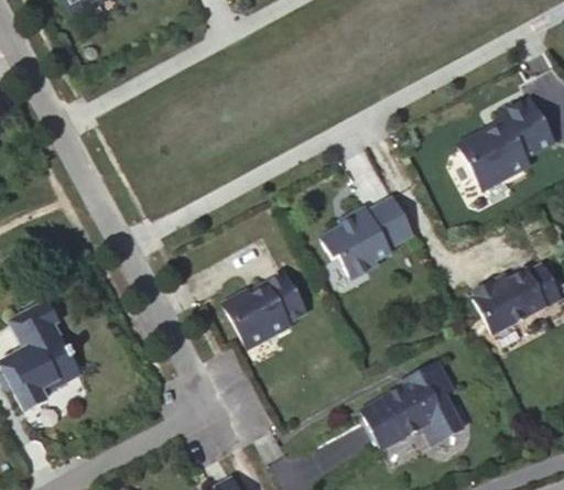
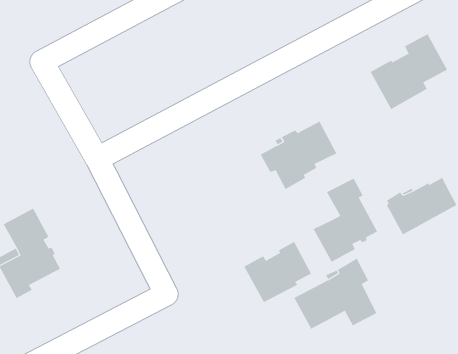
building: none -> [313,178,378,263]
building: [225,273,307,348] -> [244,241,312,303]

